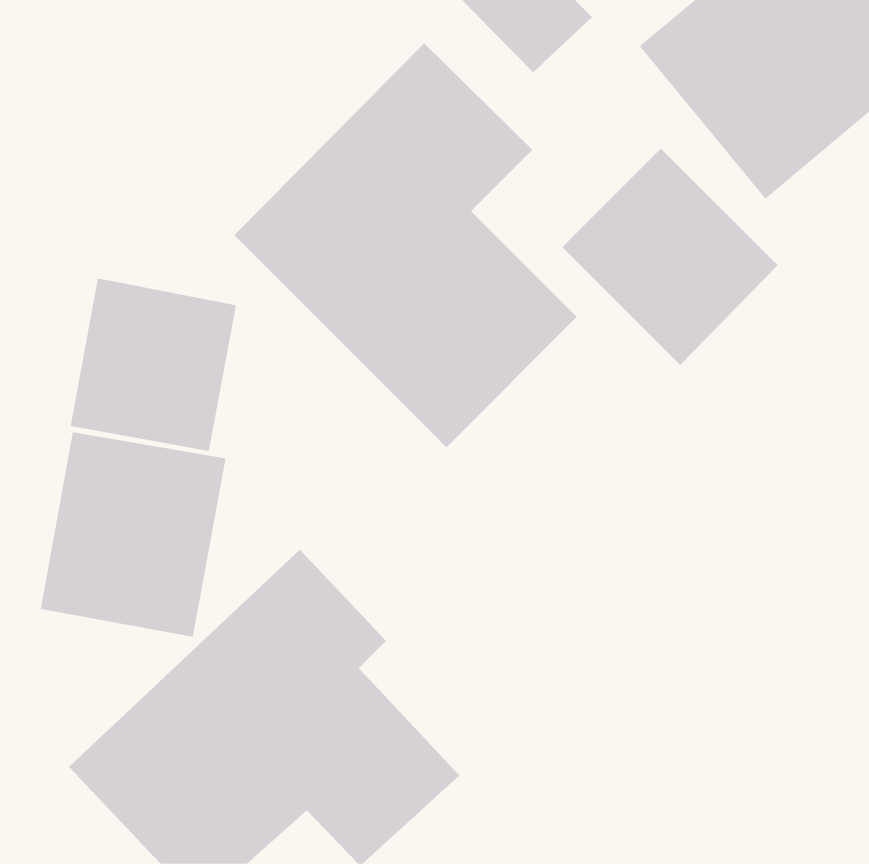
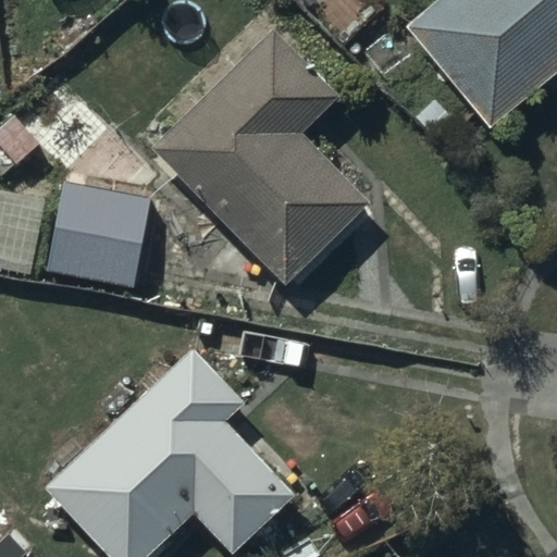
building: [562,148,779,366] -> none
building: [40,431,226,638] -> none

